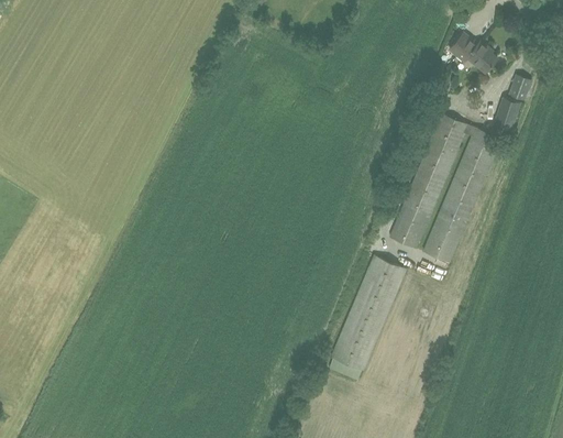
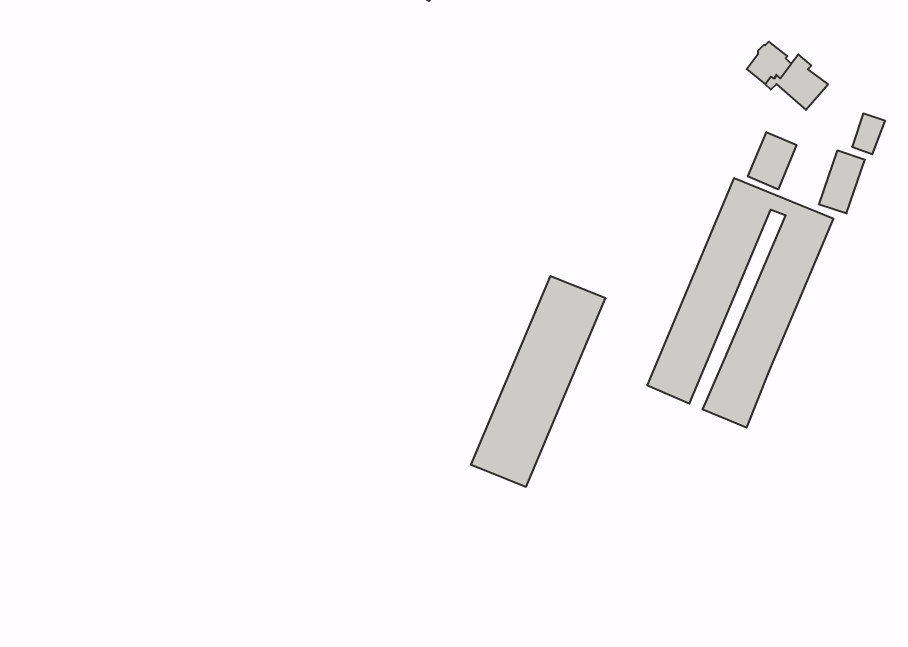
building: none -> [748,132,797,189]
building: [325,255,406,381] -> [471,276,606,487]

